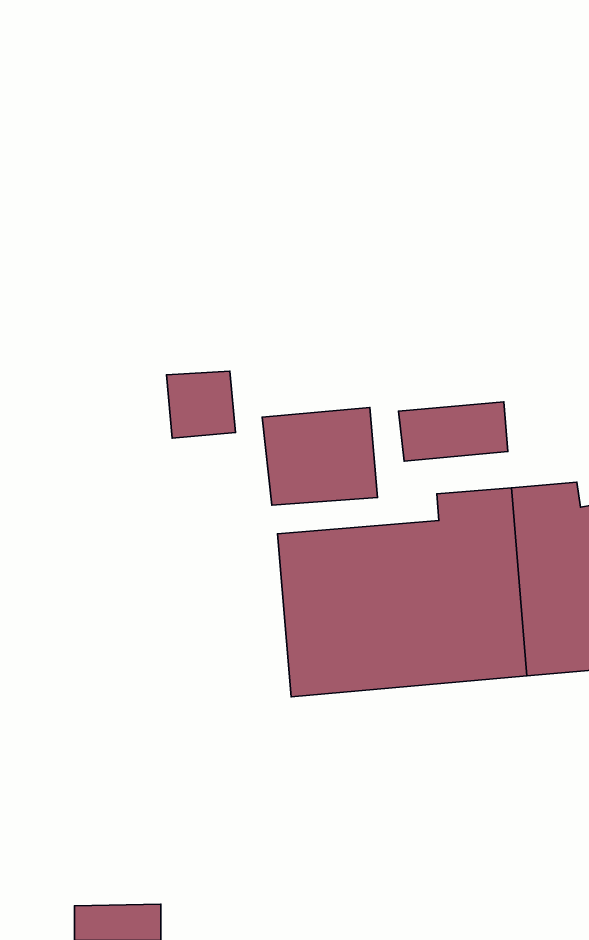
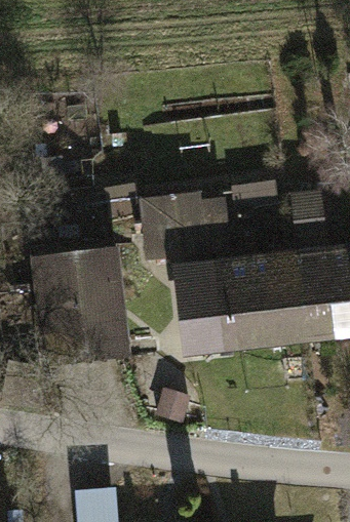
building: none -> [46,254,131,377]

